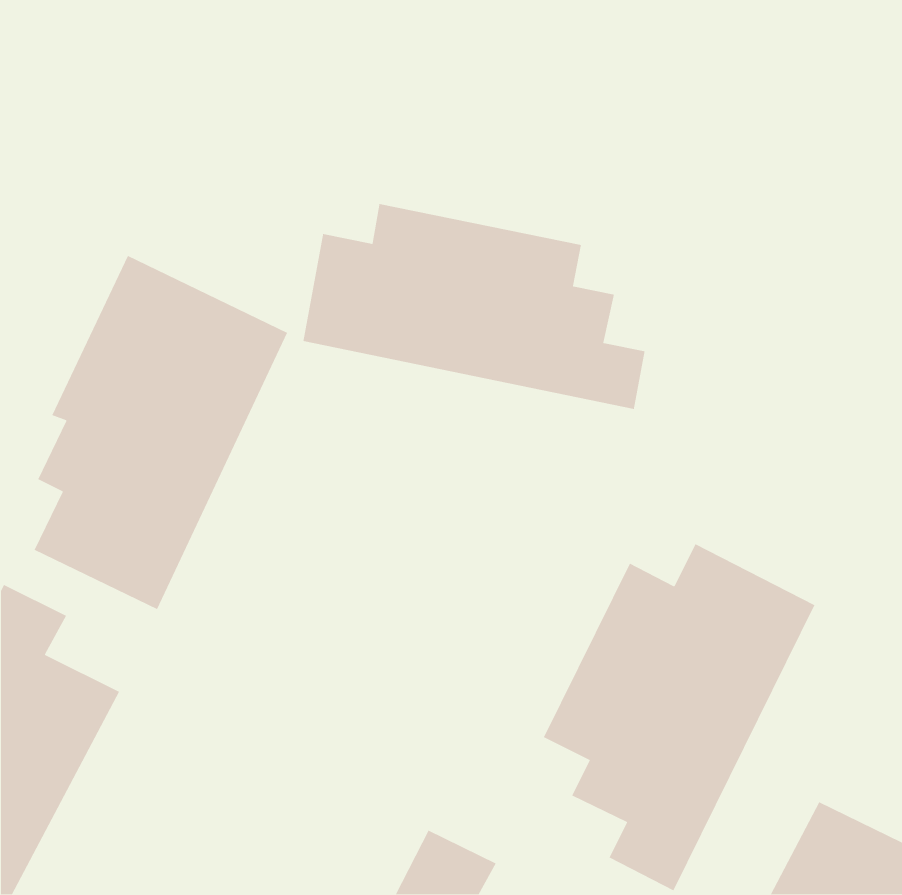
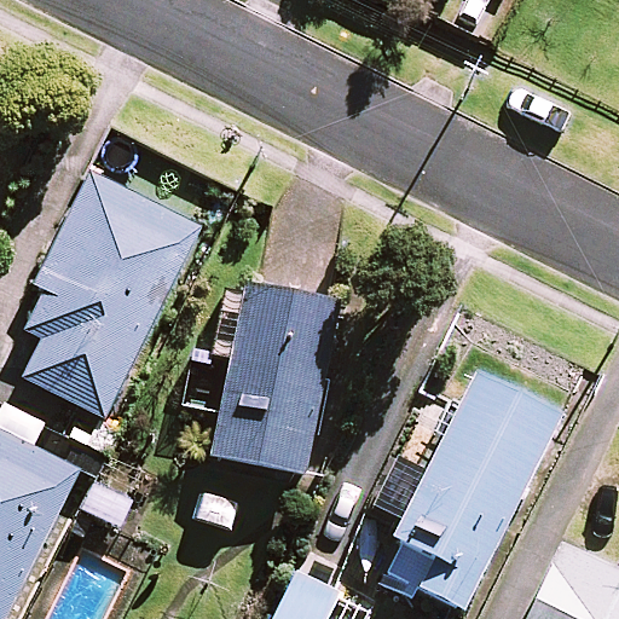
building: [303,203,645,410] -> none
building: none -> [180,285,337,474]

